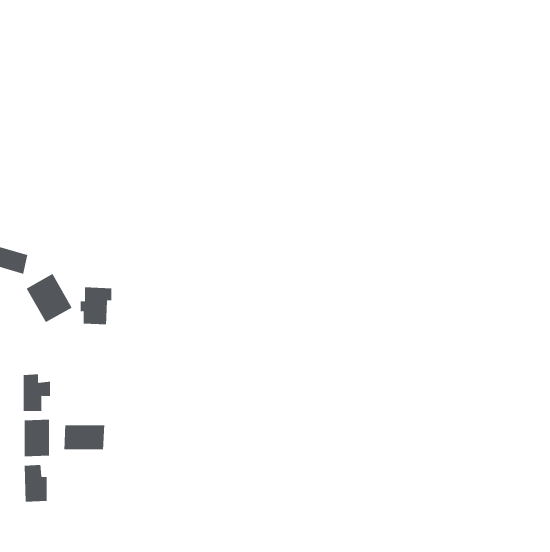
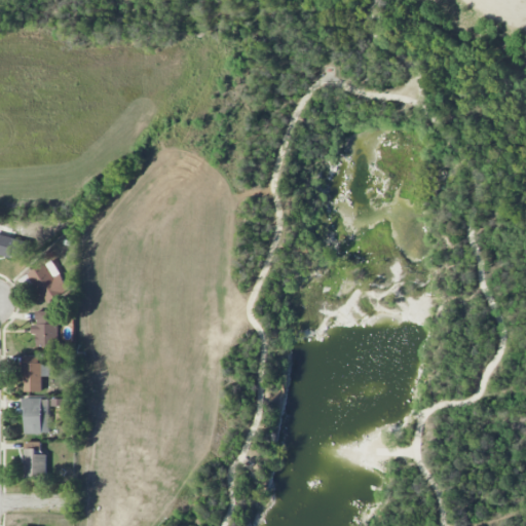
building: [80,287,112,325] -> [31,311,62,347]
building: [64,425,105,450] -> none

